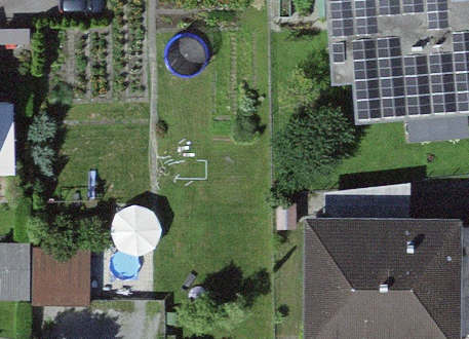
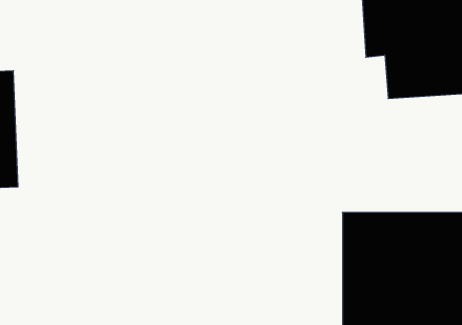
building: [8,253,83,297] -> none

